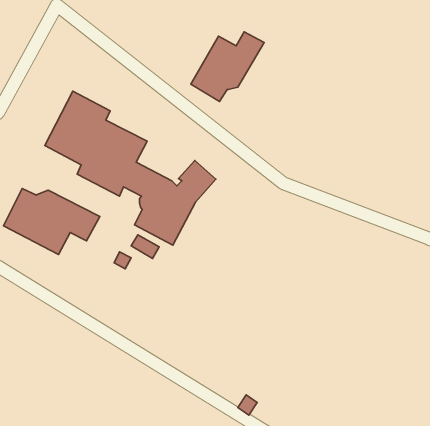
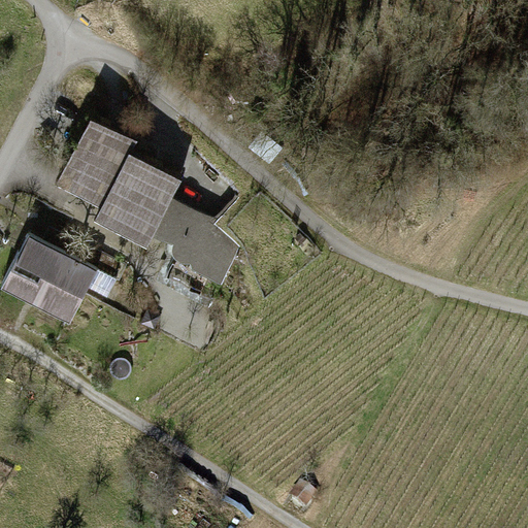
building: [191,32,264,101] -> none

